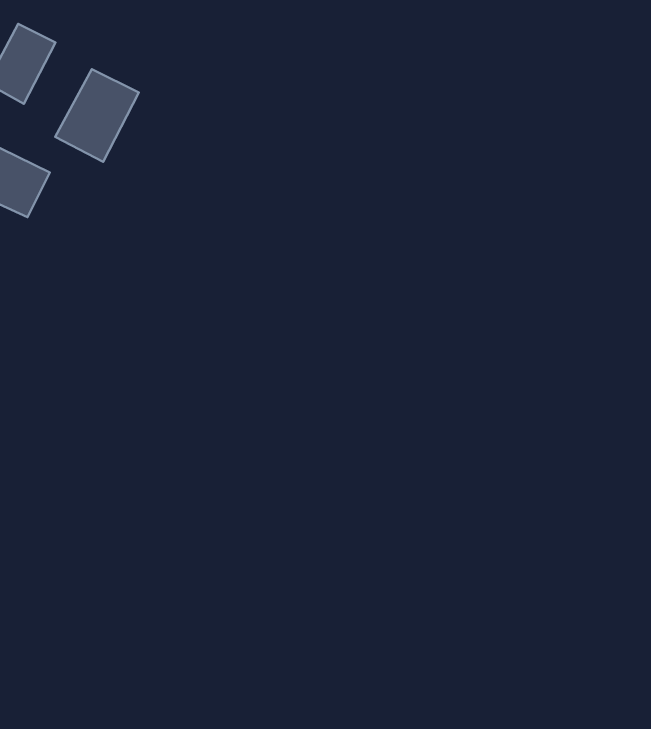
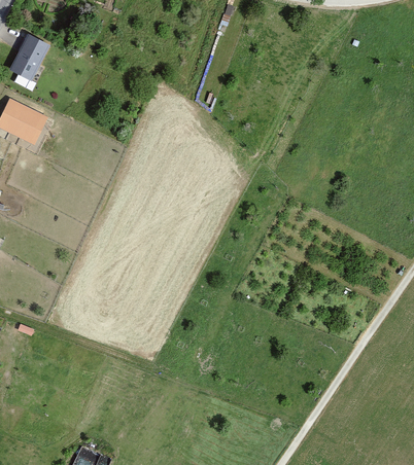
building: [55,69,139,162] -> none

